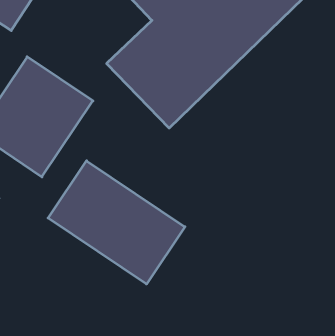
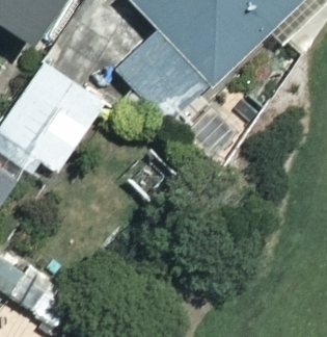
building: [48,161,185,284] -> none

